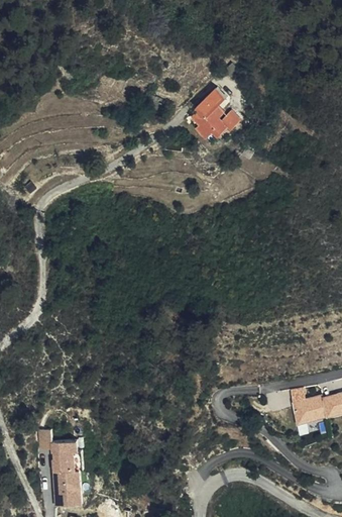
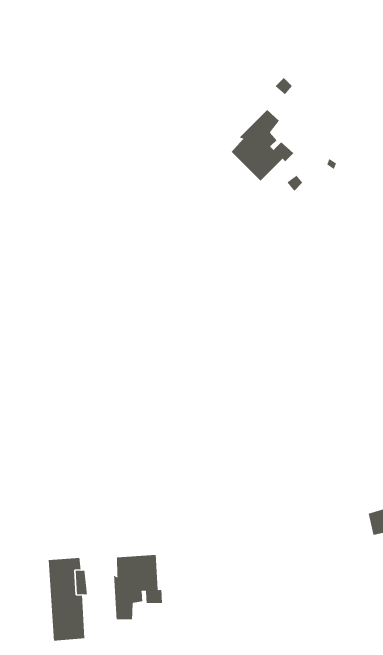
building: none -> [113,554,163,620]

